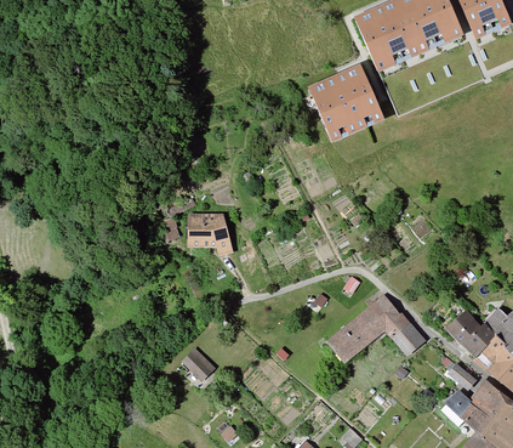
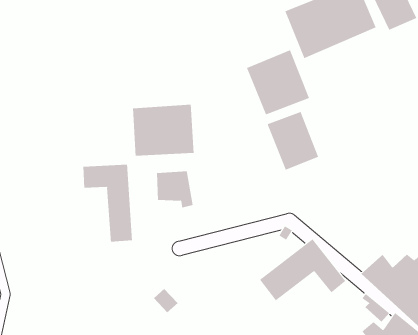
building: none -> [132,104,194,157]
building: none -> [267,111,319,171]
building: none -> [83,164,133,243]

